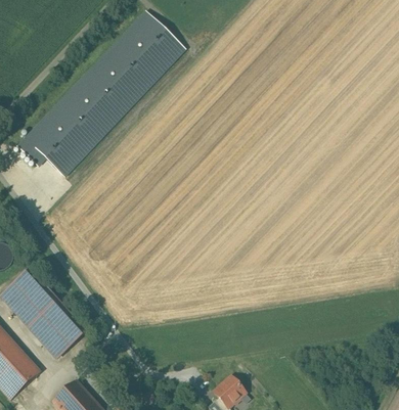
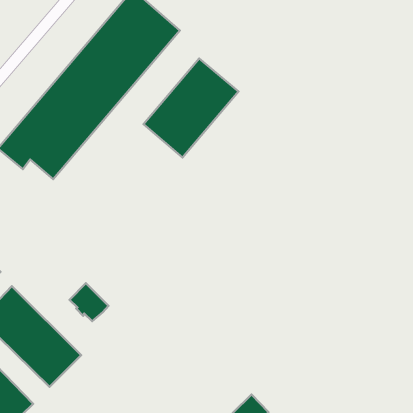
building: none -> [143,58,238,157]
building: none -> [69,283,109,321]

